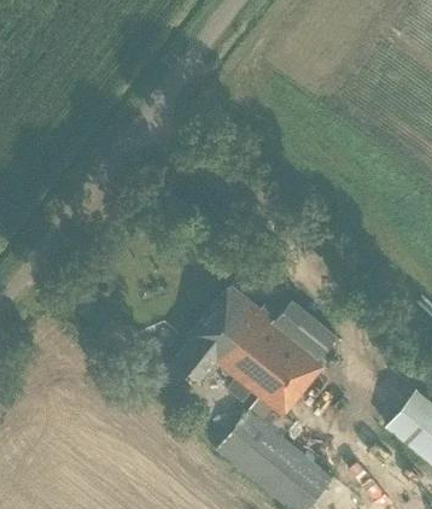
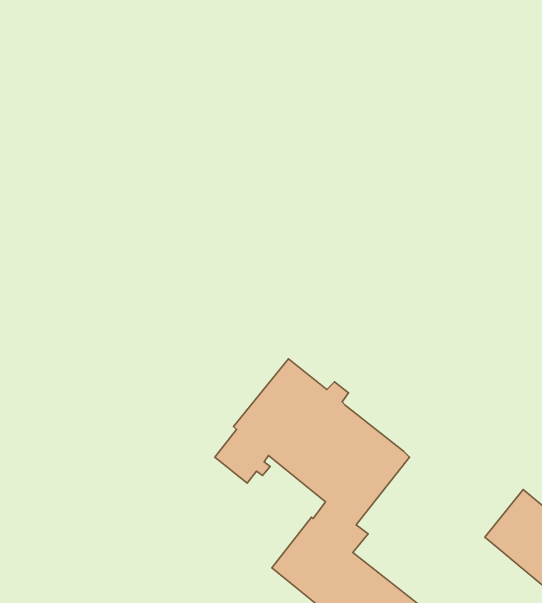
building: [275,302,338,358] -> none

